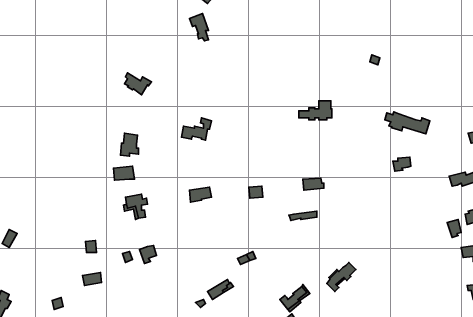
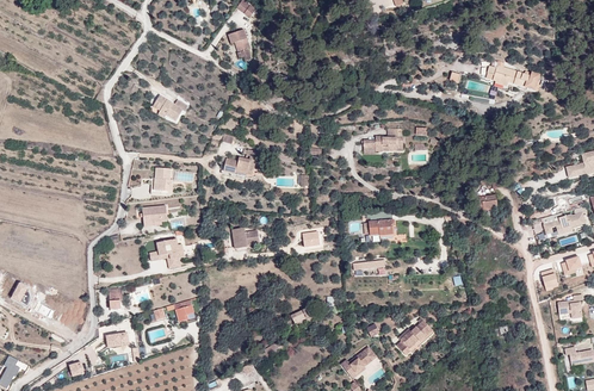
building: [385,112,430,134] -> [485,64,539,91]

